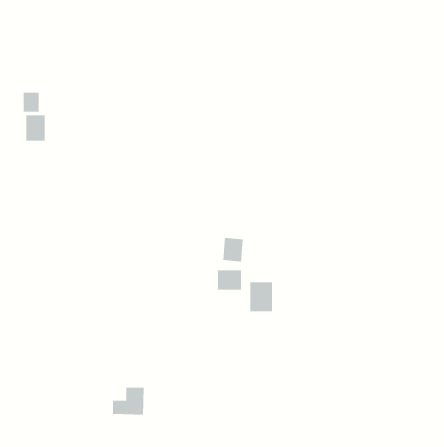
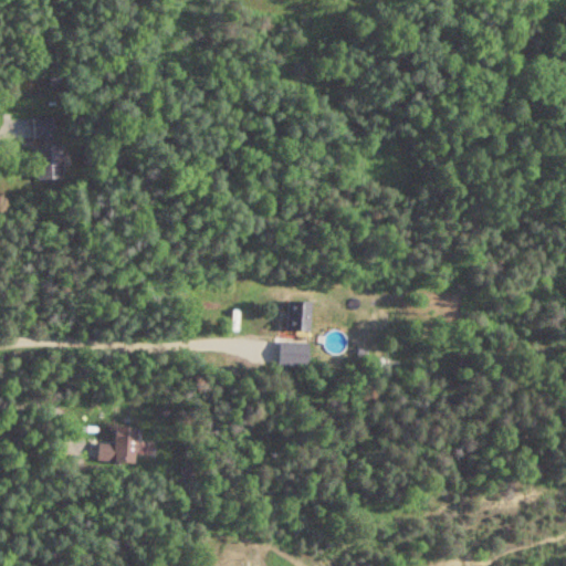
building: [250,282,273,312] -> none
building: [112,387,145,415] -> [97,428,138,463]

